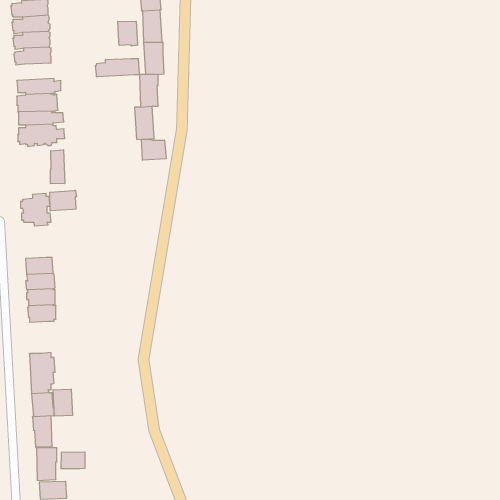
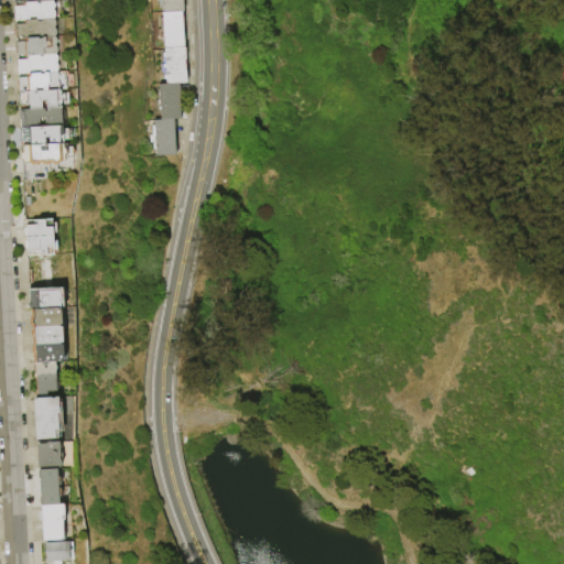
building: [118,21,138,46] -> none
building: [95,59,139,77] -> [19,70,68,90]
building: [142,139,166,160] -> none
building: [50,150,65,184] -> none
building: [50,190,76,211] -> none
building: none -> [34,360,58,397]
building: [53,389,73,416] -> none
building: [61,452,85,469] -> none

